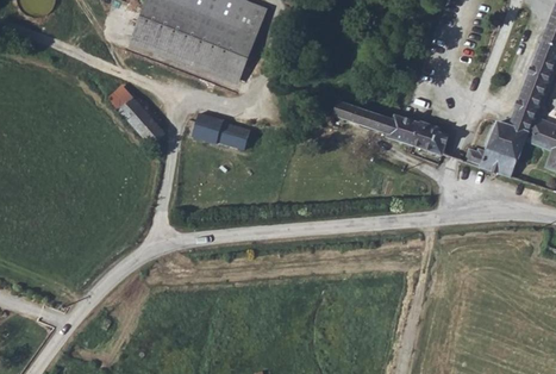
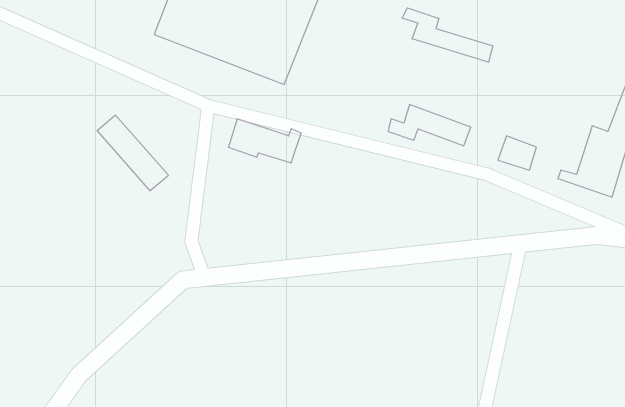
building: none -> [402,8,493,62]
building: [107,83,167,147] -> [97,115,168,191]
building: [388,114,424,147] -> none

